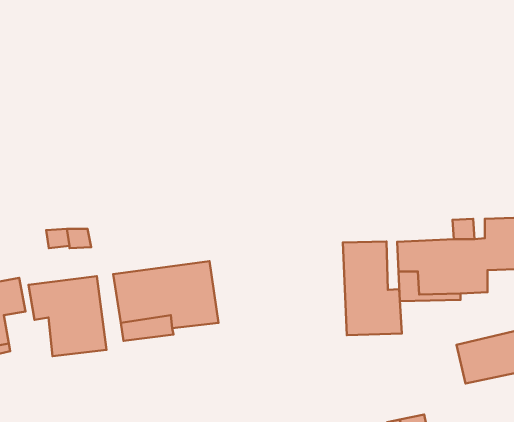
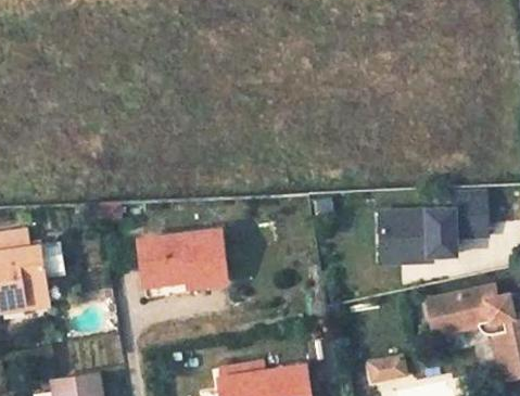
building: [343,242,402,335] -> none
building: [29,276,107,356] -> none

